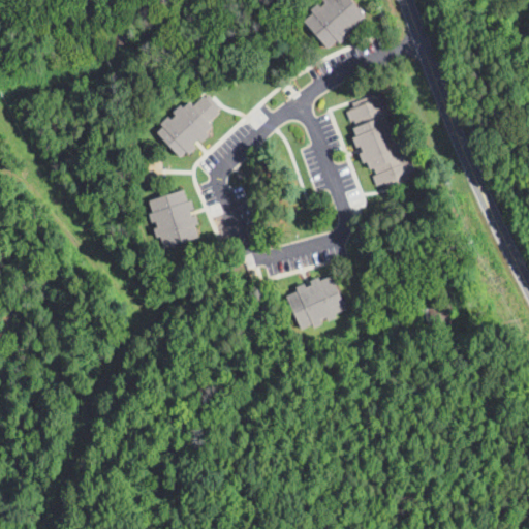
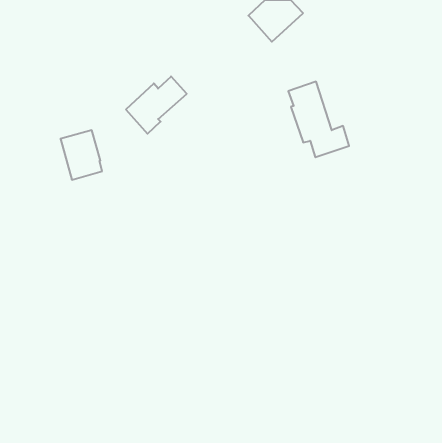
building: [150,189,199,248] -> [60,130,102,180]
building: [286,274,348,332] -> none

